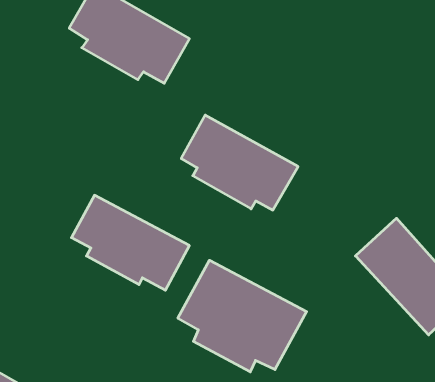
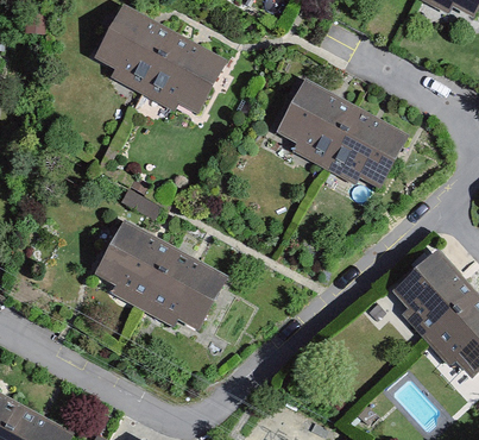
building: [181,115,298,210] -> [281,84,402,183]
building: [178,260,307,372] -> none

